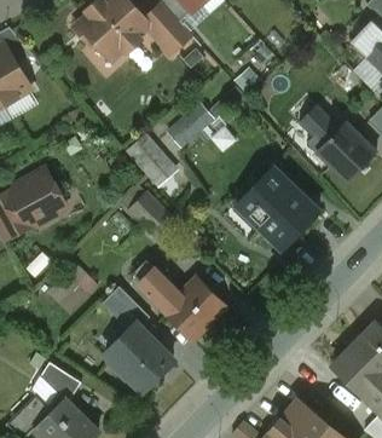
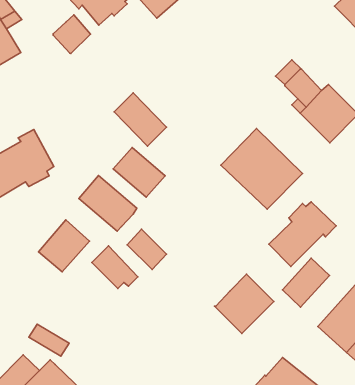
building: none -> [53,15,91,53]
building: [164,100,216,148] -> none
building: none -> [79,175,137,231]
building: none -> [269,202,336,267]
building: [163,278,224,339] -> [215,274,274,334]
building: none -> [282,258,330,307]
building: [105,324,173,392] -> none

